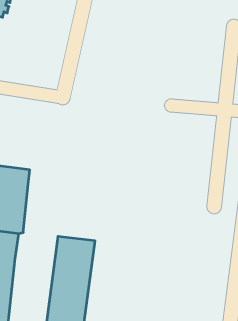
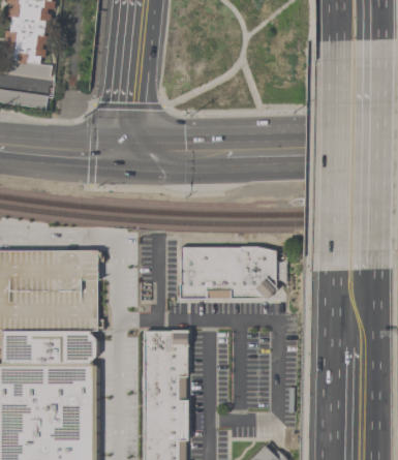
building: none -> [178,247,277,302]

